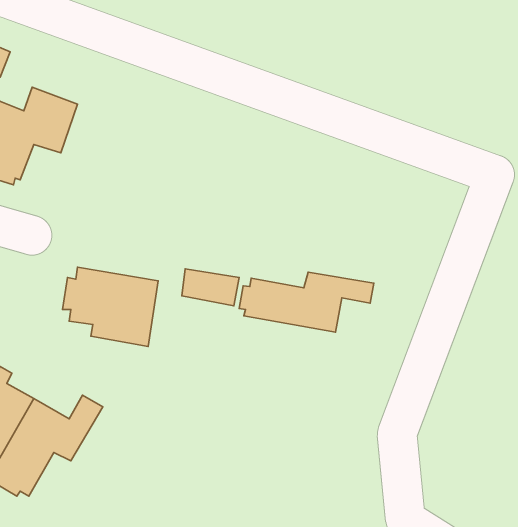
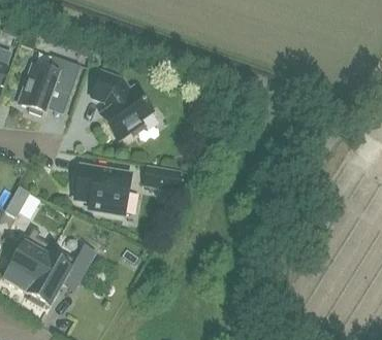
building: none -> [92,70,154,139]
building: [239,272,374,332] -> none

